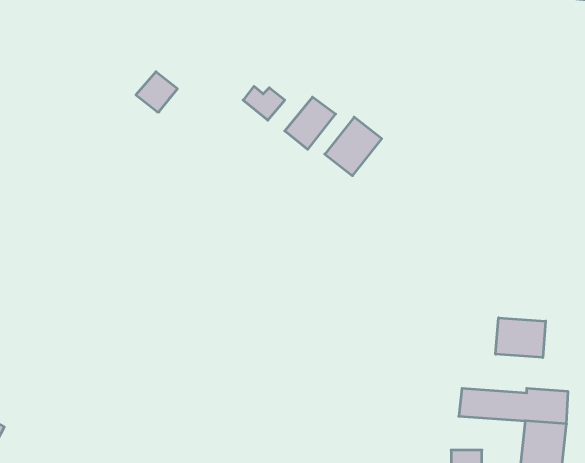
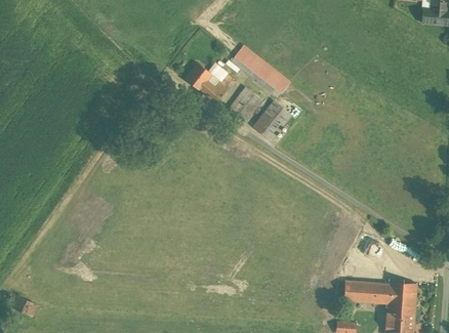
building: none -> [233,44,291,95]
building: [136,72,177,112] -> [183,64,211,90]
building: [496,318,546,358] -> none

